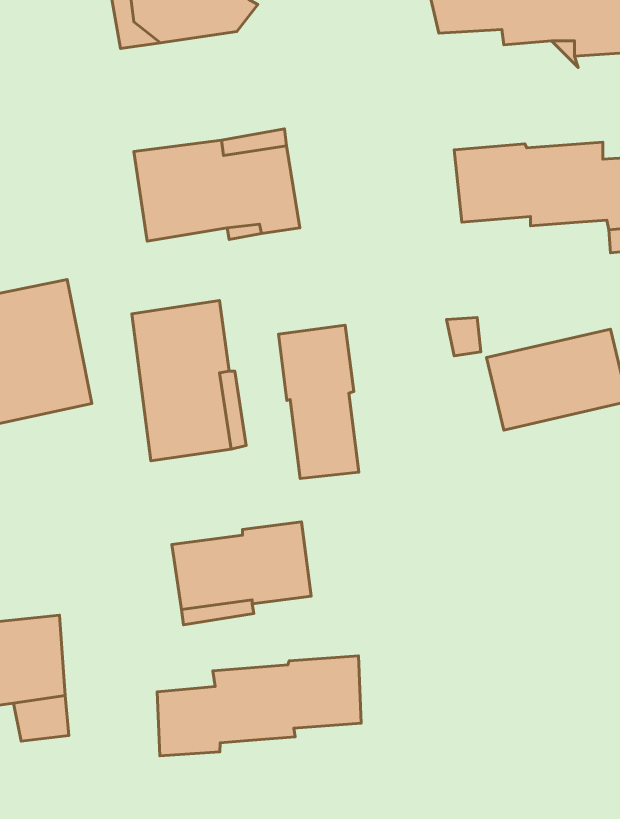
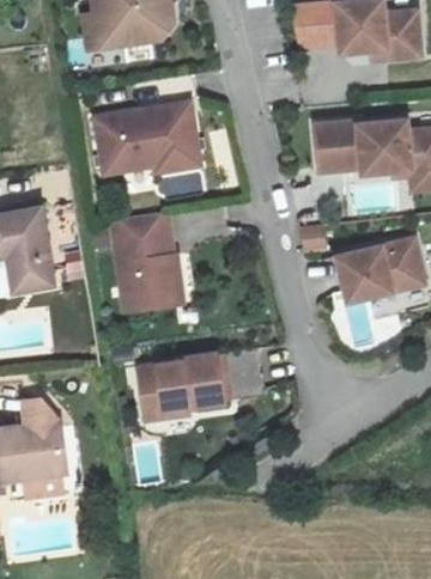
building: [278,325,359,479] -> none
building: [157,656,361,756] -> none

